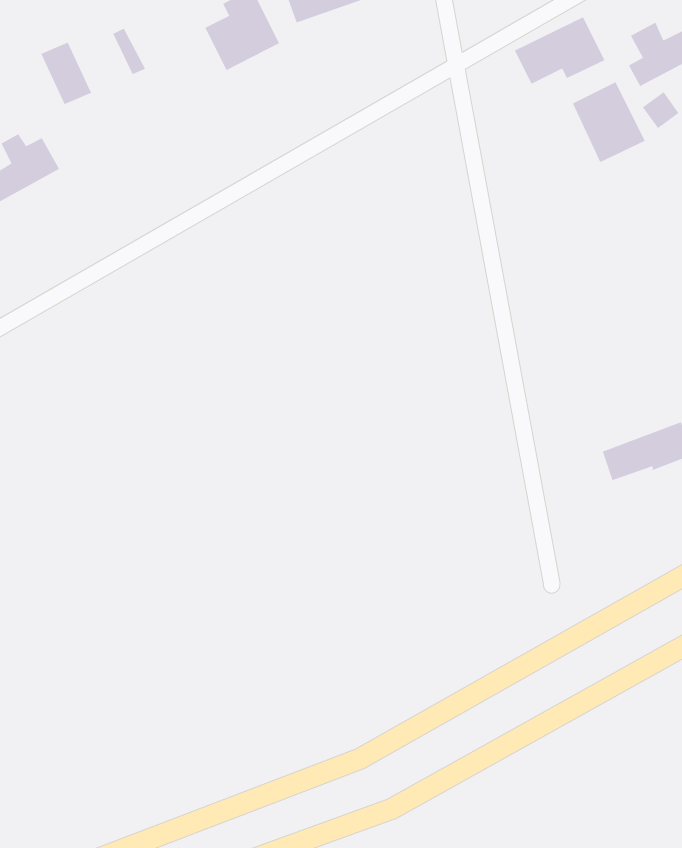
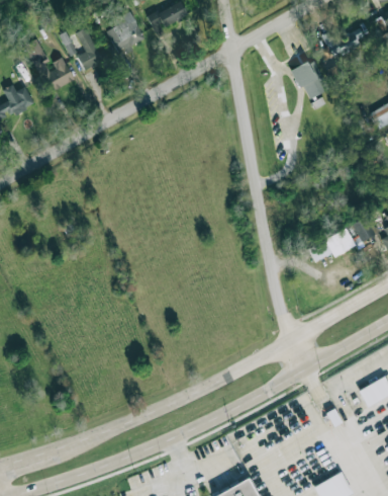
building: [514,16,605,85] -> none
building: none -> [76,28,102,71]
building: none -> [45,58,73,89]

